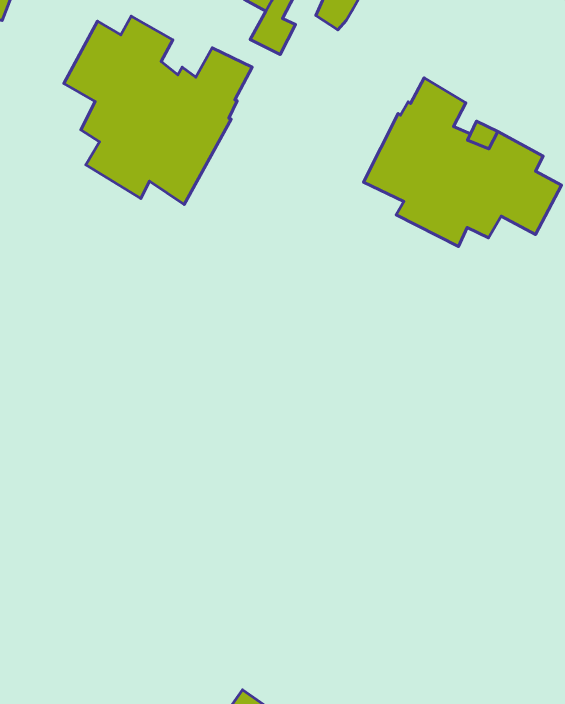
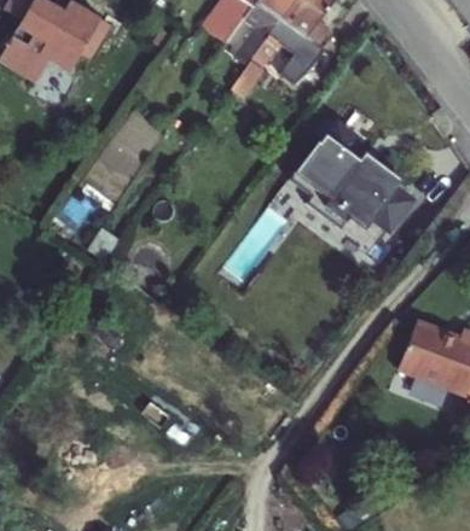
building: [64,16,252,204] -> none

